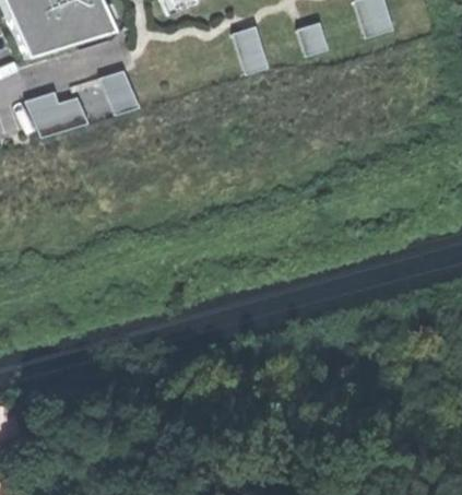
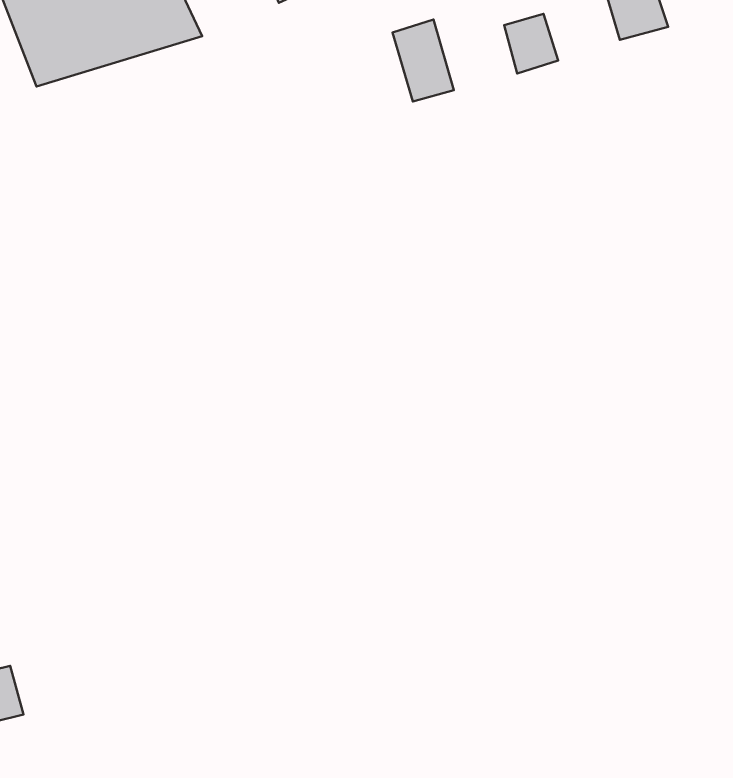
building: [98,70,138,114] -> none
building: [23,85,87,135] -> none

